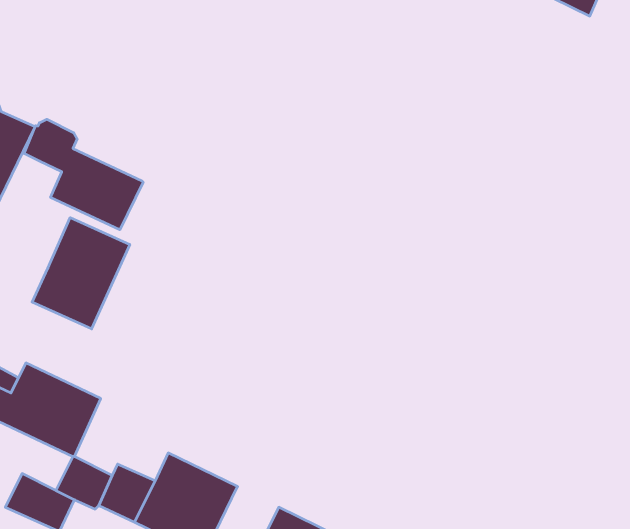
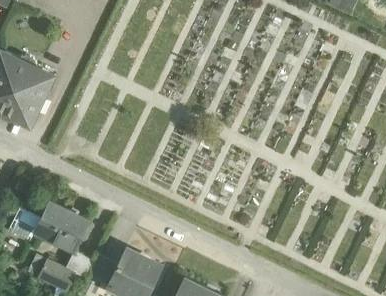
building: [24,119,143,230] -> none
building: [32,218,130,329] -> none

